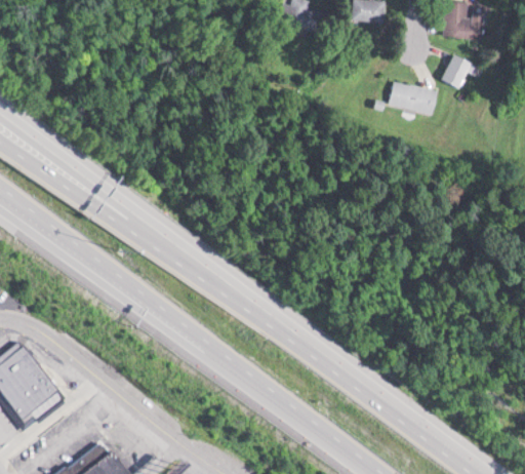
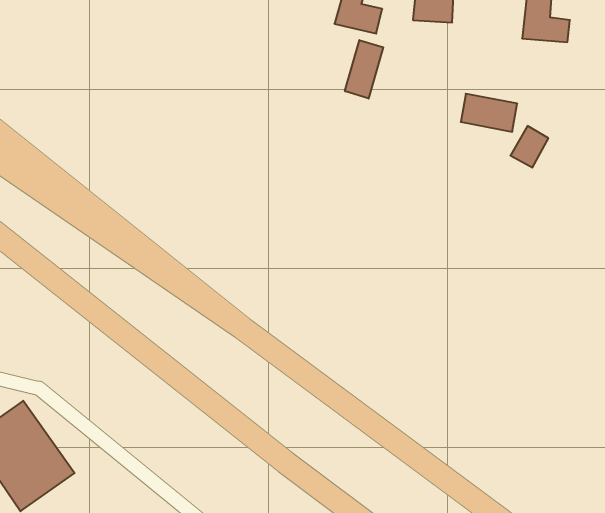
building: none -> [345,40,383,99]
building: [439,54,471,89] -> [510,126,548,168]

